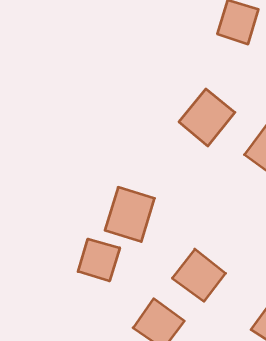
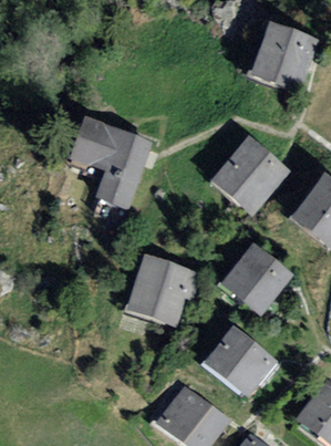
building: none -> [76,121,147,201]
building: none -> [216,248,285,319]
building: [78,239,120,281] -> none

